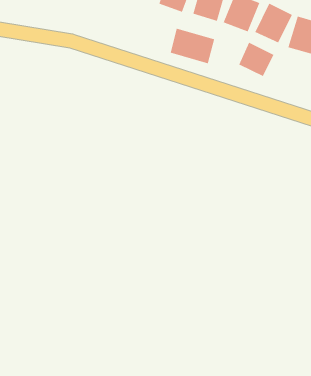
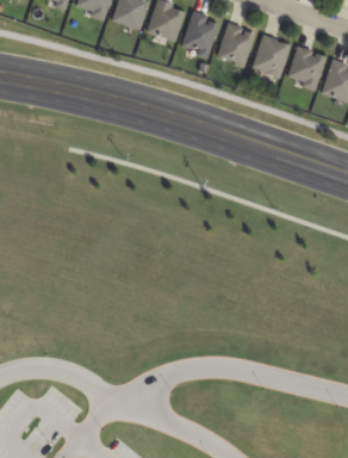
building: [170,28,215,64] -> none
building: [239,42,274,77] -> none

